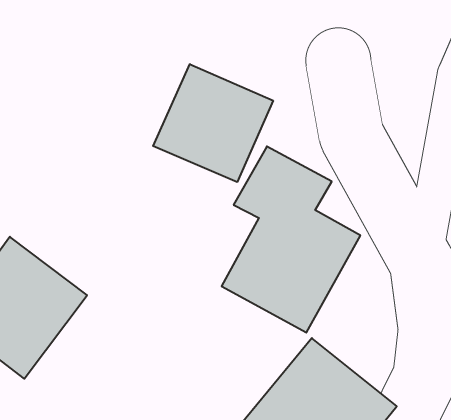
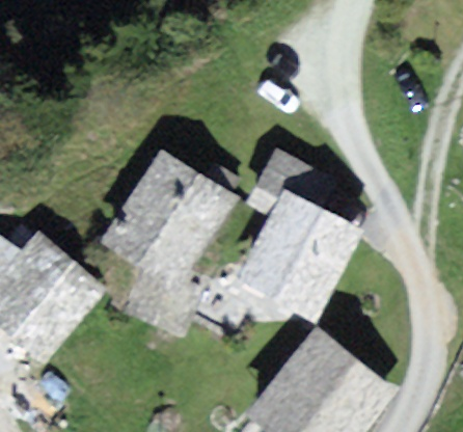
building: [153,64,273,182] -> none
building: none -> [98,146,236,338]

